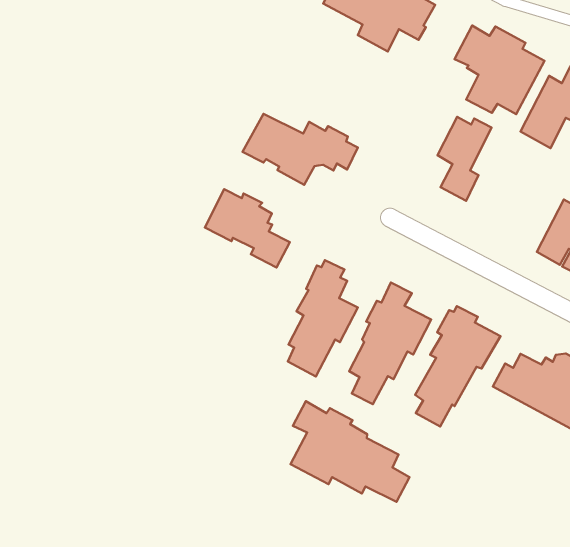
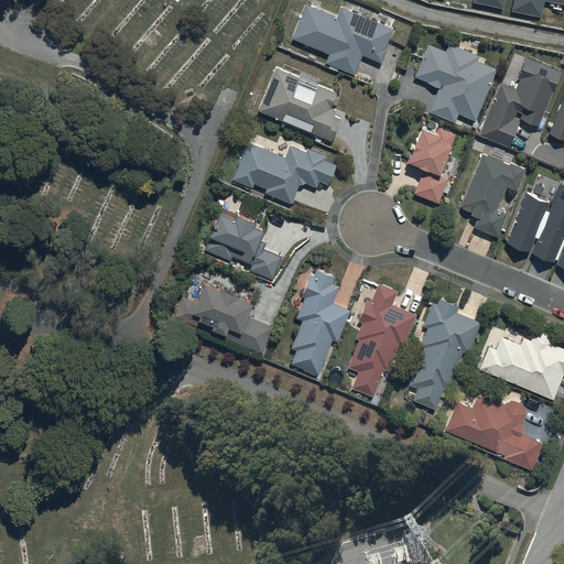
building: none -> [258,68,340,142]
building: none -> [460,155,524,237]
building: none -> [174,285,272,354]
building: [291,401,409,502] -> none
building: none -> [445,397,543,470]

